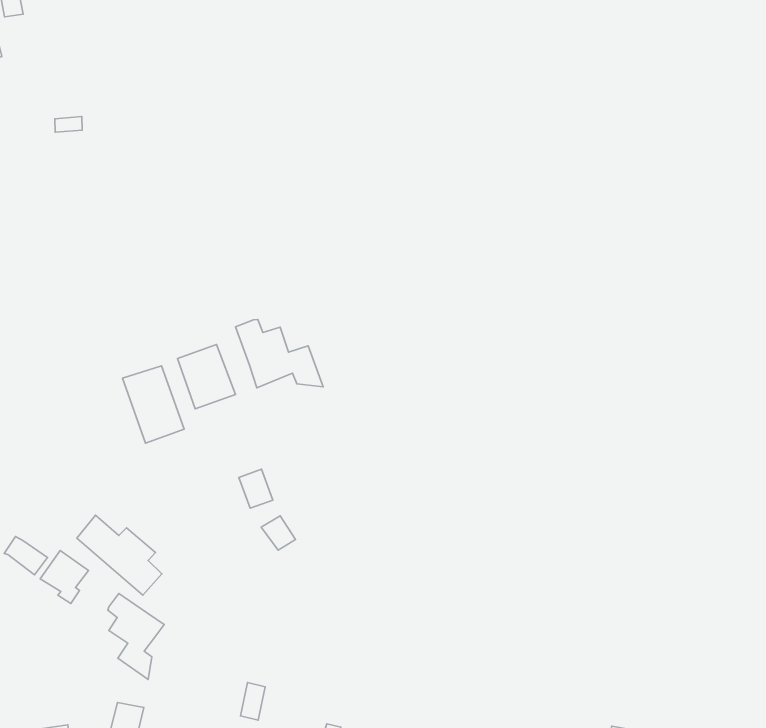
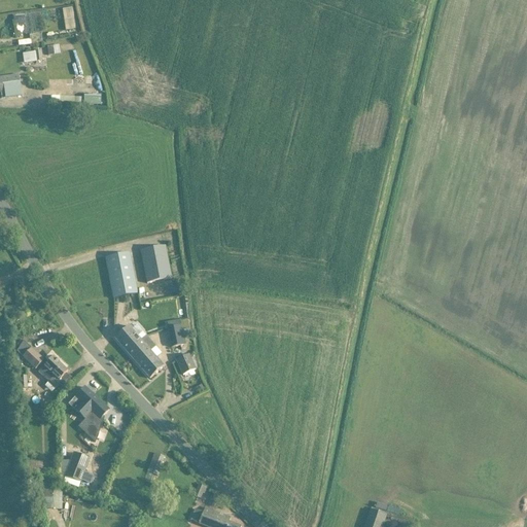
building: [236,320,323,388] -> none
building: [77,515,162,595] -> [114,324,163,377]

